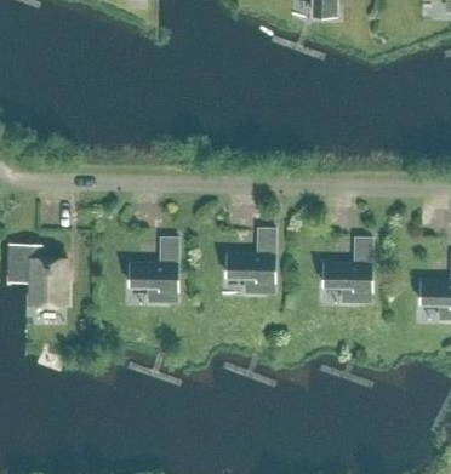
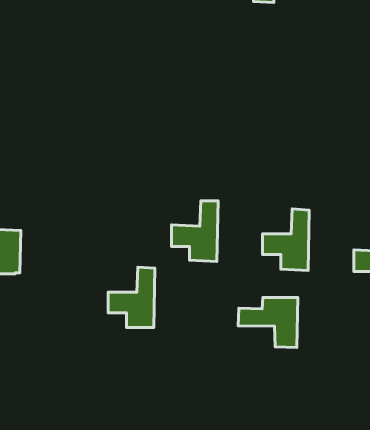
building: [130,236,179,301] -> [108,267,155,328]
building: none -> [238,297,298,348]

